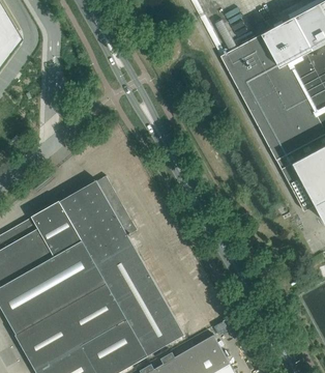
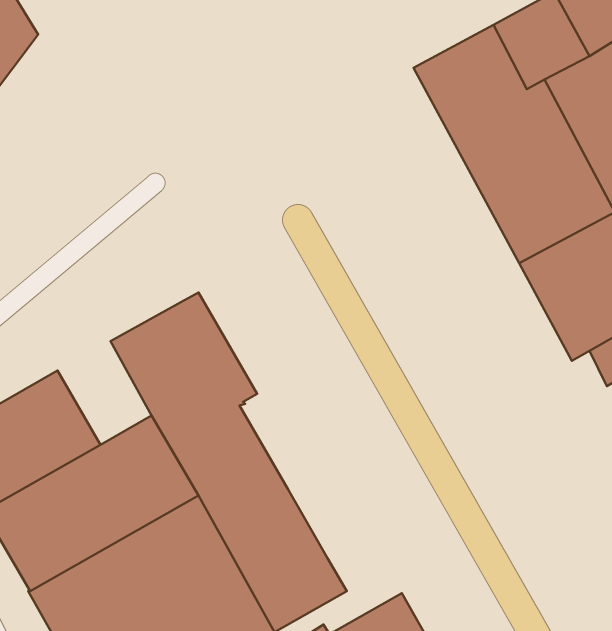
building: [31,200,81,256] -> none

